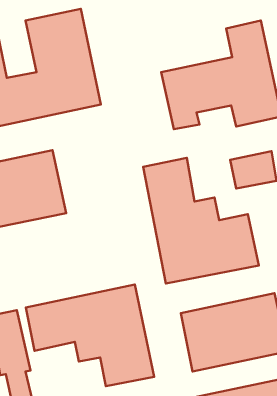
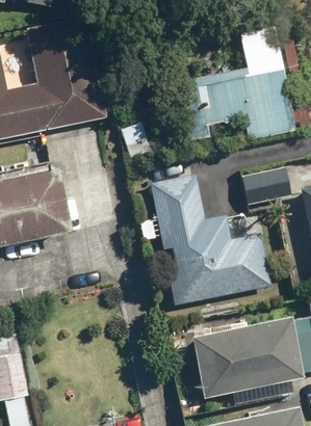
building: [26,285,154,386] -> none

